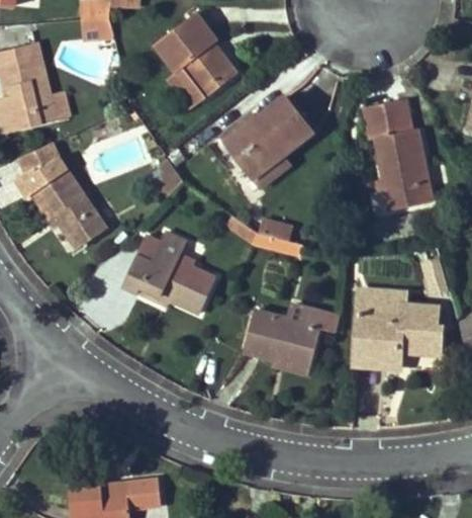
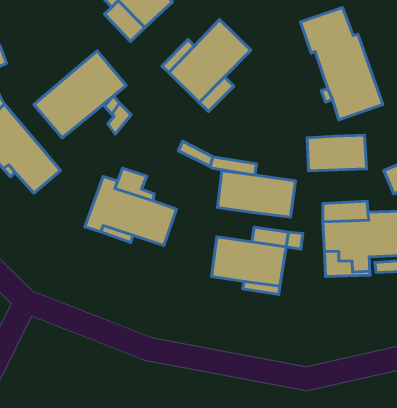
building: none -> [34,51,126,138]
building: none -> [307,135,366,171]
building: none -> [218,171,296,217]

